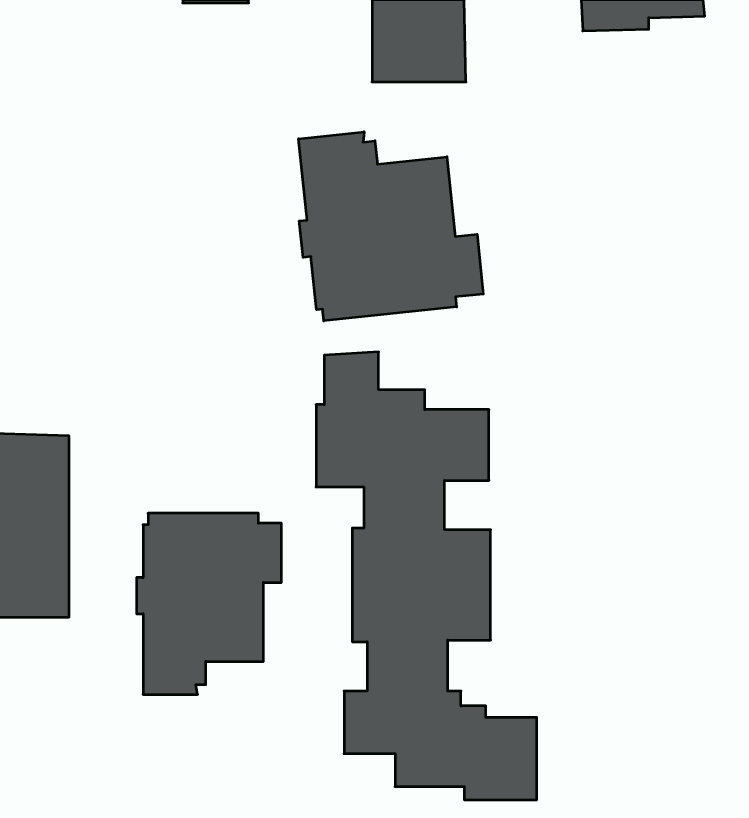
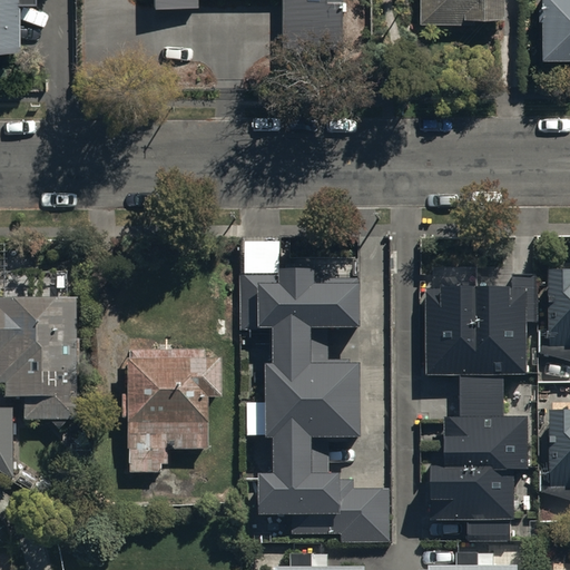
building: [299,132,483,321] -> none
building: none -> [425,283,527,519]

